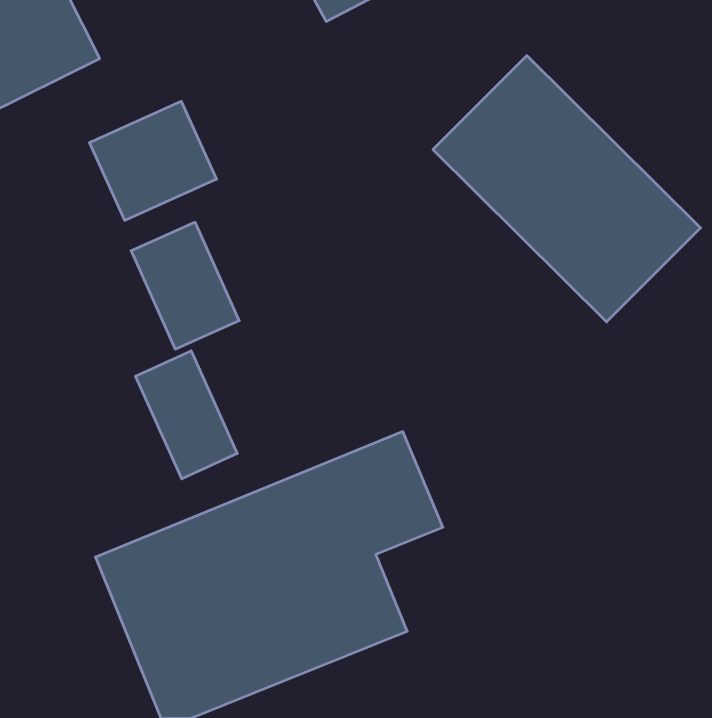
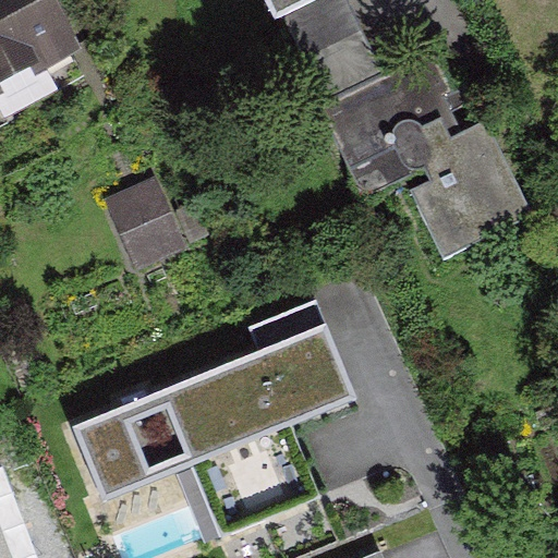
building: [89,101,217,220] -> none
building: [136,351,237,479] -> none

